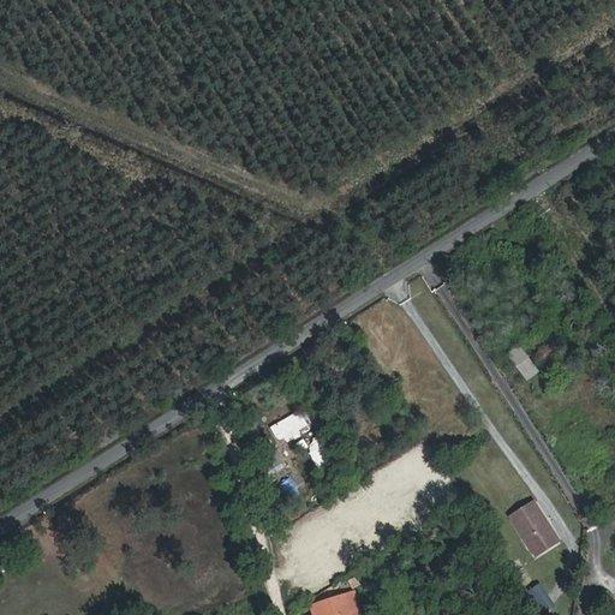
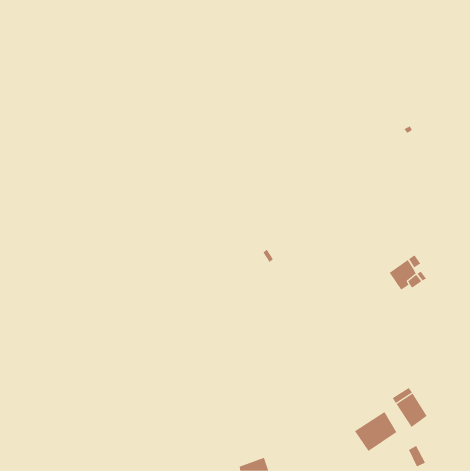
building: [271,411,309,440] -> none
building: none -> [354,411,397,452]

